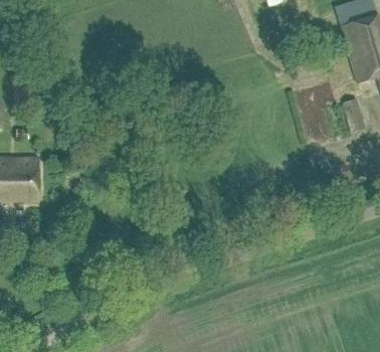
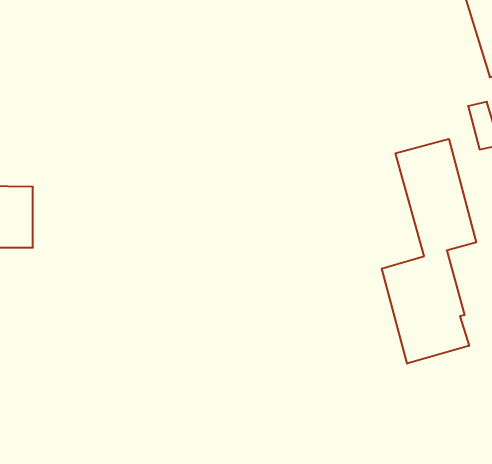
building: none -> [382,139,476,364]

